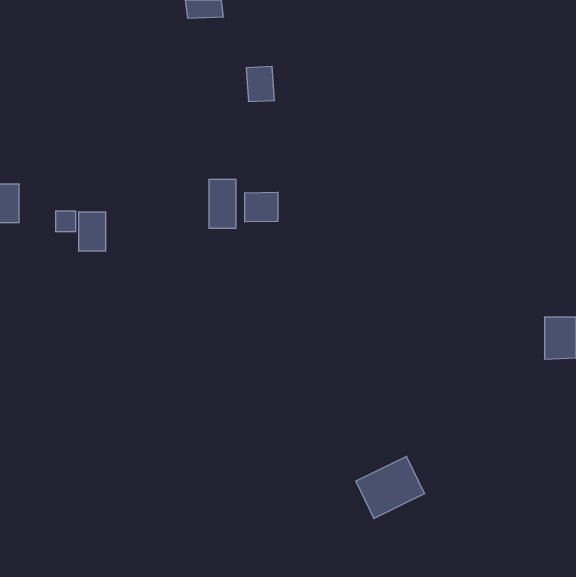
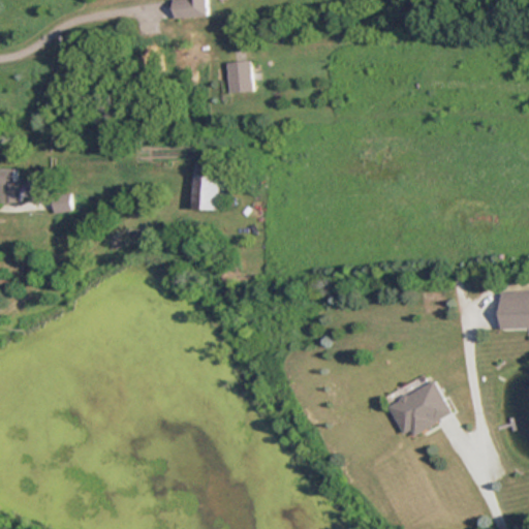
building: [245,192,278,222] -> none
building: [79,212,105,251] -> none
building: [356,456,425,518] -> [388,381,452,438]

